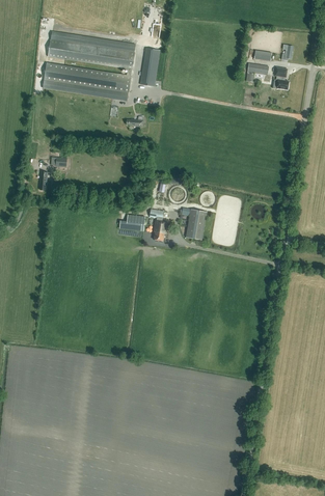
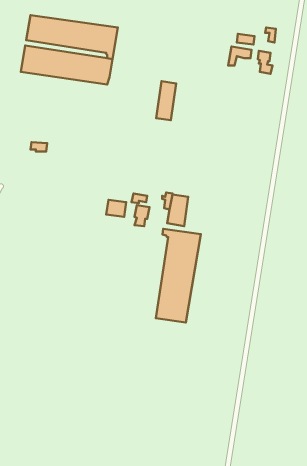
building: [139,48,159,86] -> [156,81,176,120]
building: none -> [156,229,201,322]

